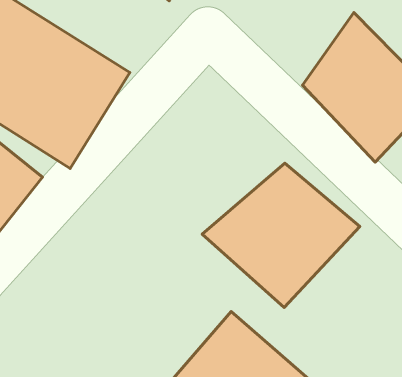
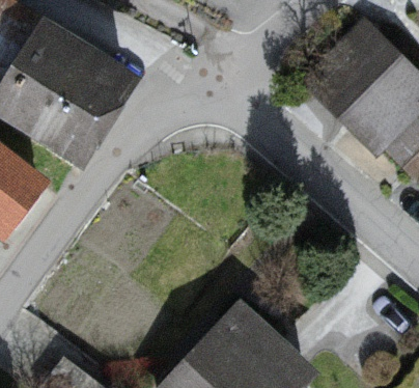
building: [202,163,360,307] -> none

